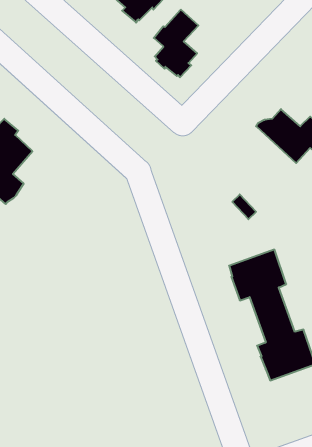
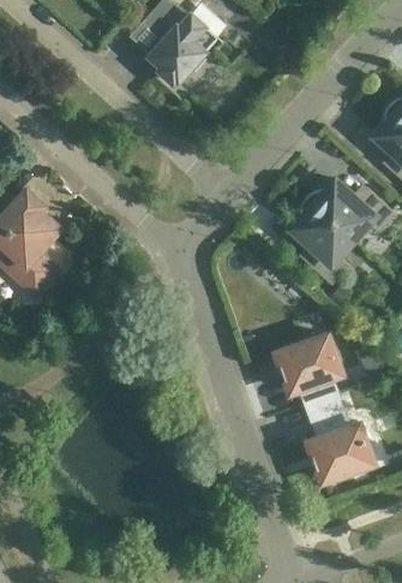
building: [154,10,198,77] -> none
building: none -> [290,200,350,285]

